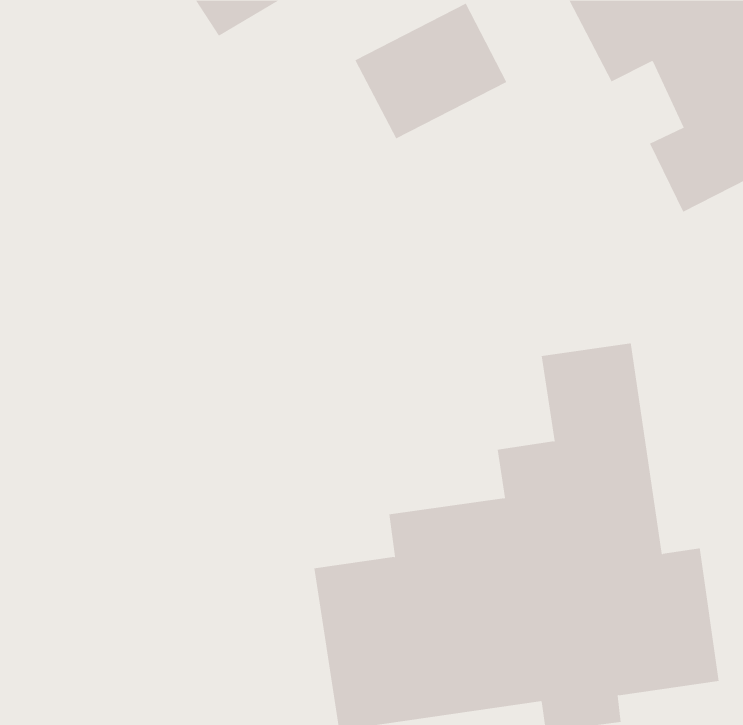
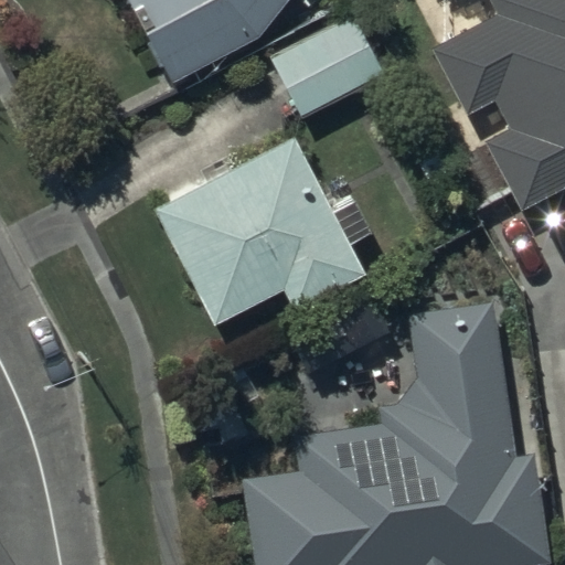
building: none -> [150,107,360,288]

